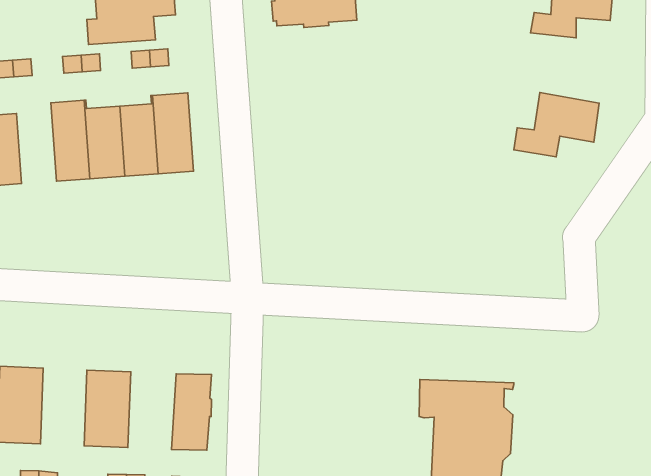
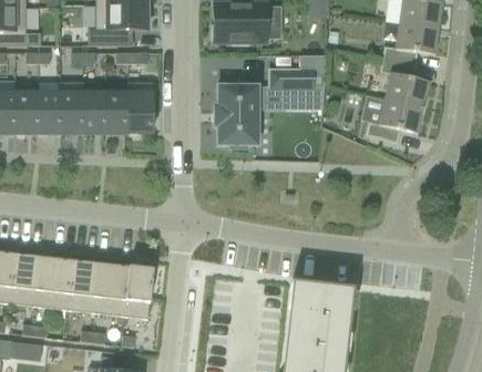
building: none -> [379,58,430,107]
building: none -> [269,54,327,104]
building: none -> [215,84,258,147]
building: none -> [38,81,61,133]
building: none -> [38,256,72,309]
building: none -> [95,262,131,316]

